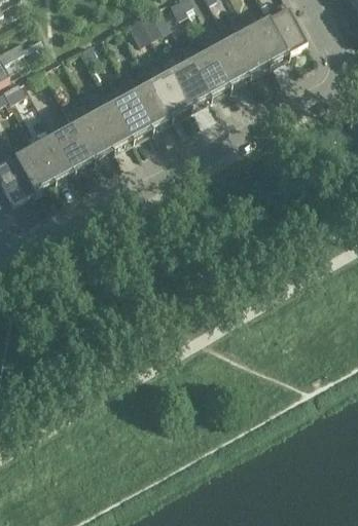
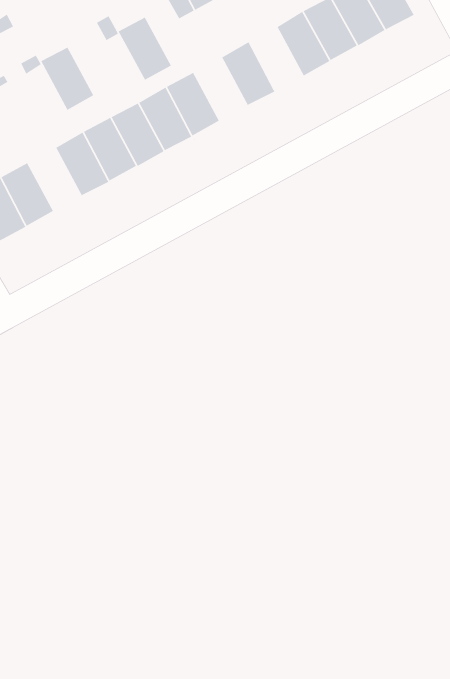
building: [189,47,229,97] -> none
building: [150,69,190,117] -> [118,17,174,85]
building: [33,133,73,181] -> [40,46,97,115]

